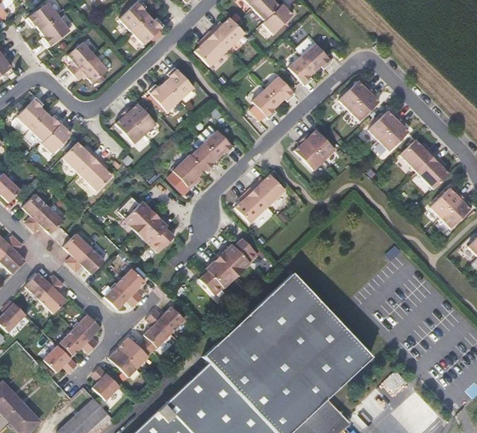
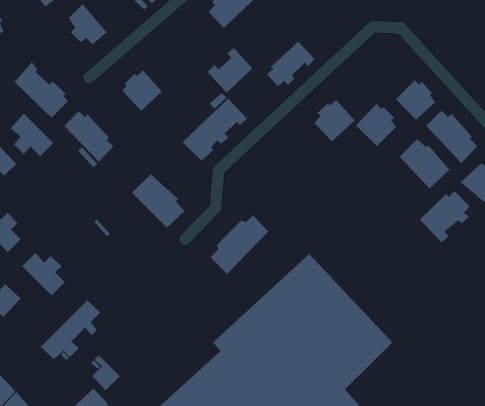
building: [292,44,334,85] -> none
building: [150,69,193,112] -> [207,47,253,93]
building: [341,80,380,121] -> [355,103,397,147]
building: none -> [399,138,450,189]
building: [238,176,286,224] -> none
building: [22,194,63,235] -> [10,113,54,157]
building: none -> [419,190,470,243]
building: [63,235,104,275] -> none
building: [104,271,144,311] -> none
building: [107,308,182,378] -> none

